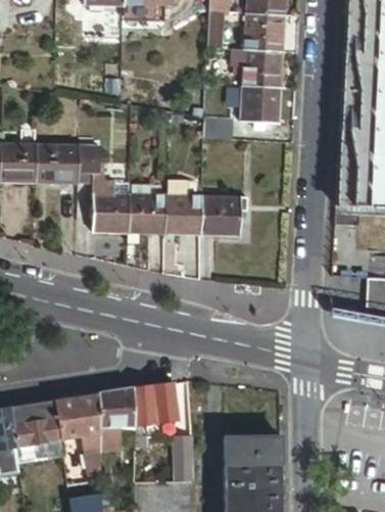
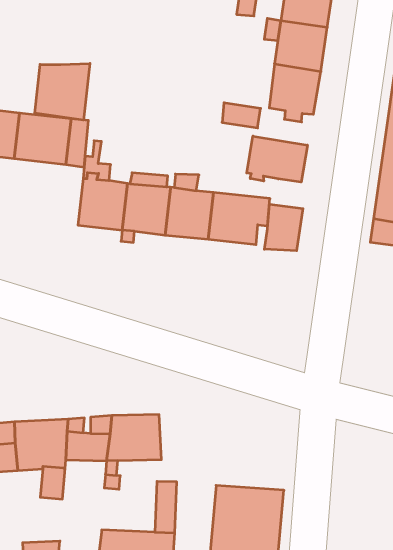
building: none -> [35,63,90,120]
building: none -> [247,136,307,182]
building: none -> [264,204,303,251]

